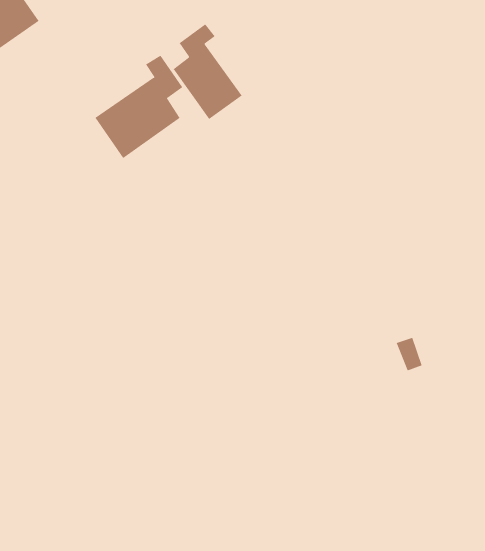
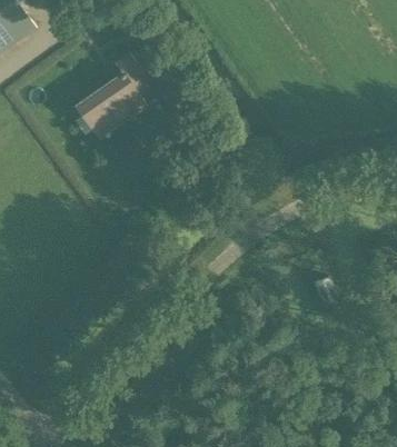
building: [173,24,243,120] -> none

